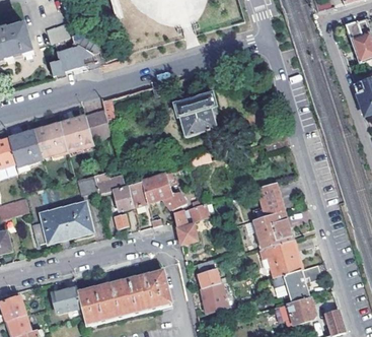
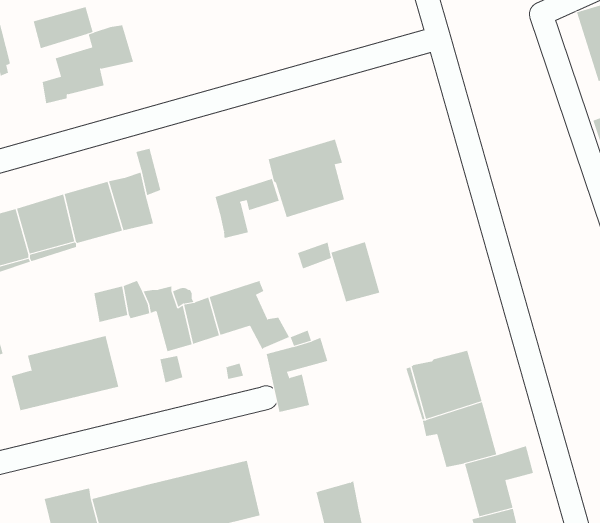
building: none -> [215,178,279,239]
building: [257,182,285,215] -> [331,241,380,302]
building: [197,259,220,288] -> none

